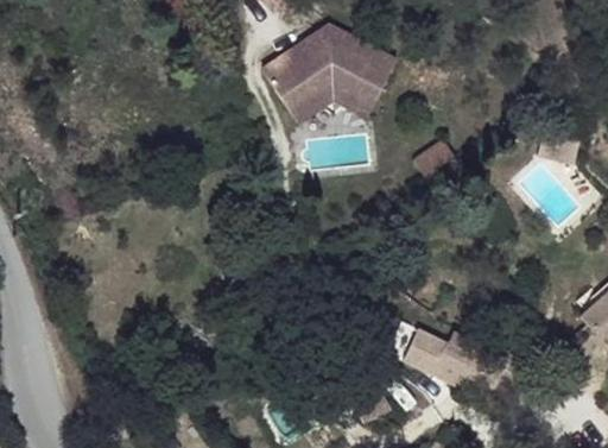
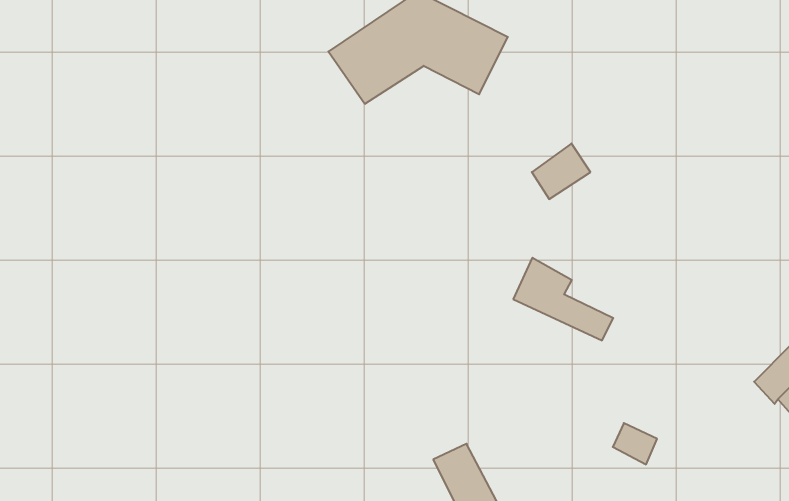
building: [289,80,374,121] -> none
building: [403,328,477,390] -> [513,258,613,340]

